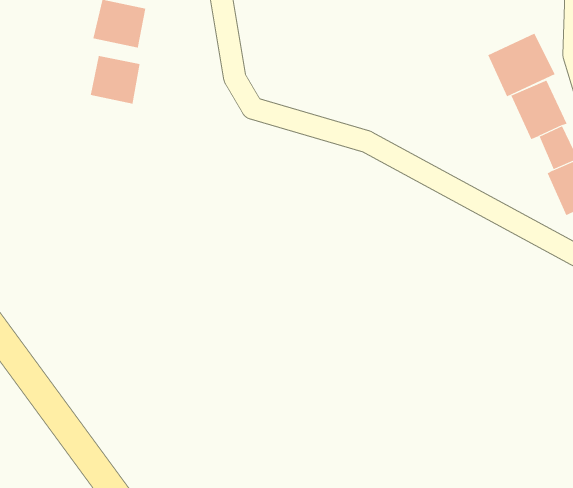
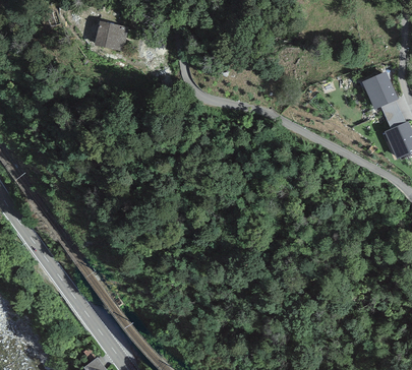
building: [487,33,556,97] -> none
building: [90,55,140,104] -> none

